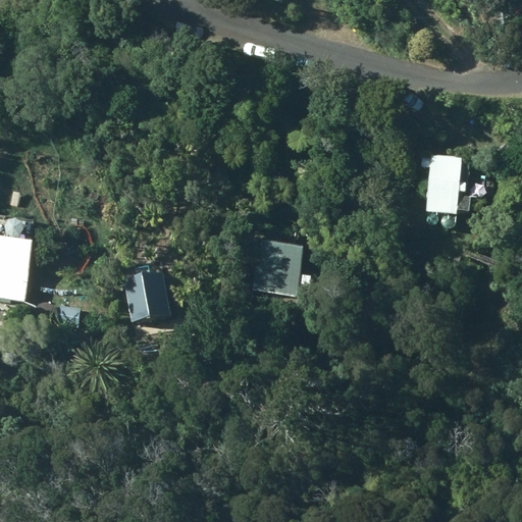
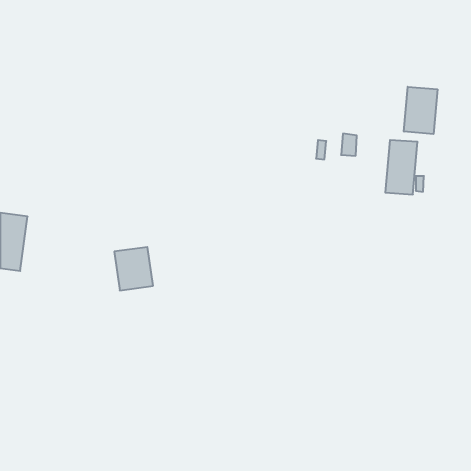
building: none -> [404,87,437,134]
building: [252,241,310,296] -> none

